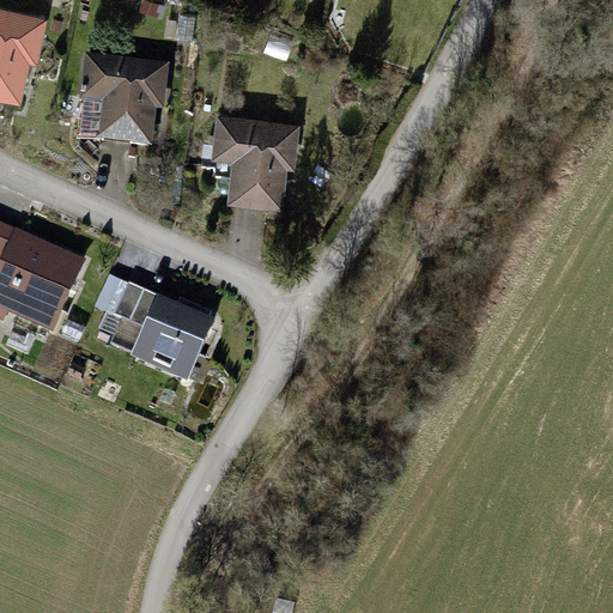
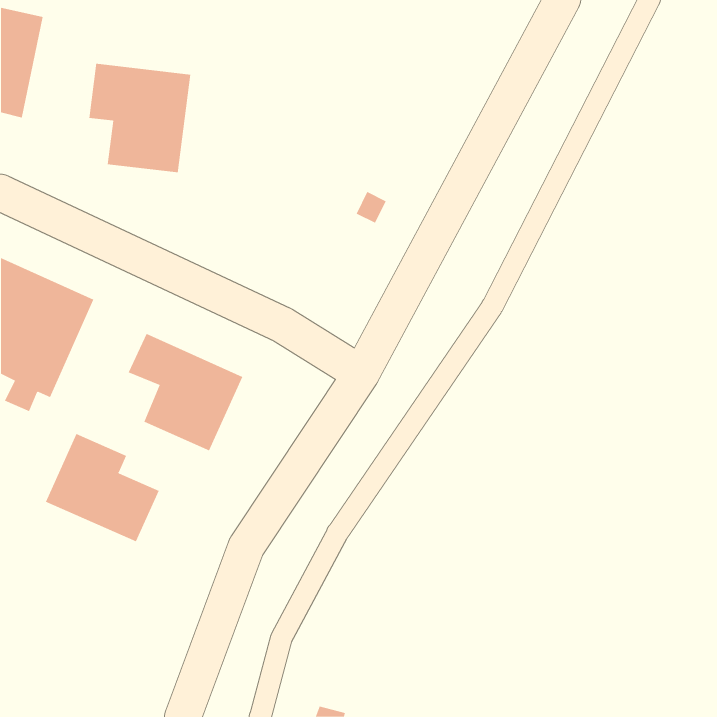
building: [207,109,295,205] -> none
building: none -> [45,433,160,542]

